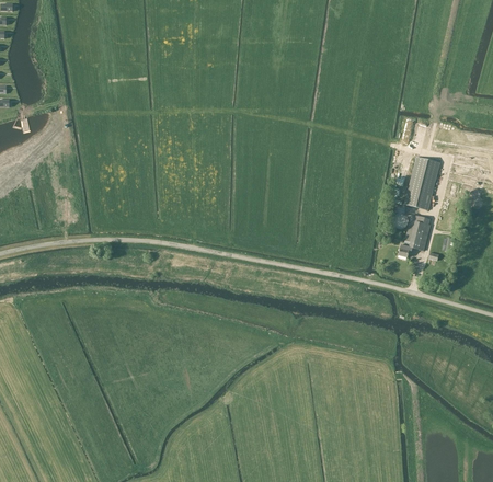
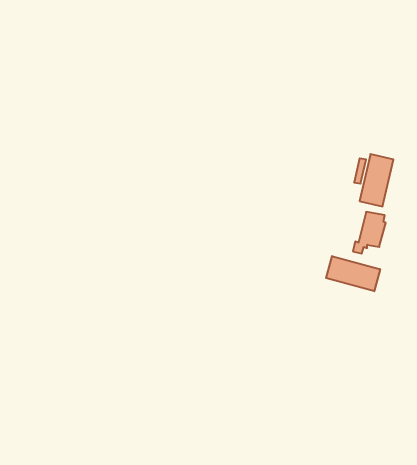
building: none -> [326,256,380,291]

